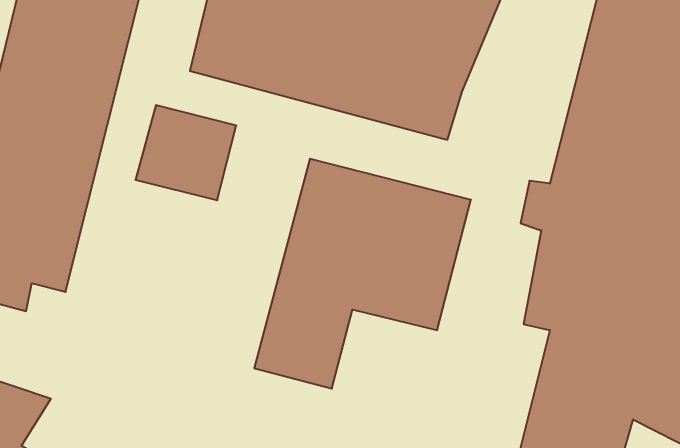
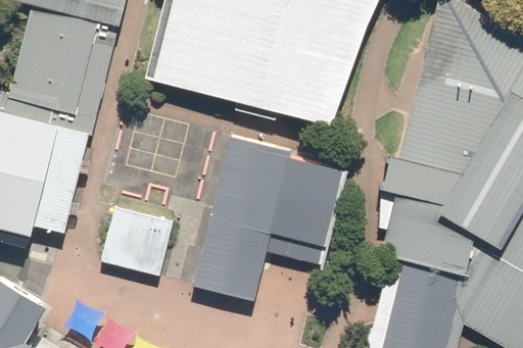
building: [135,105,236,200] -> [104,210,175,277]

